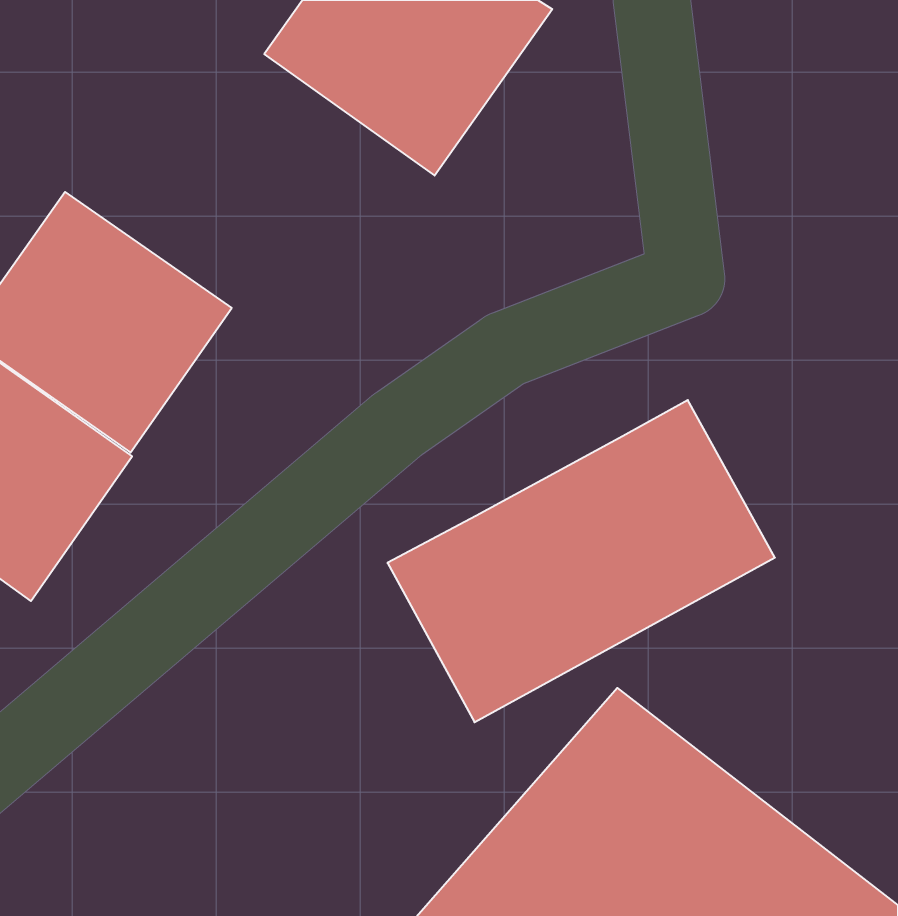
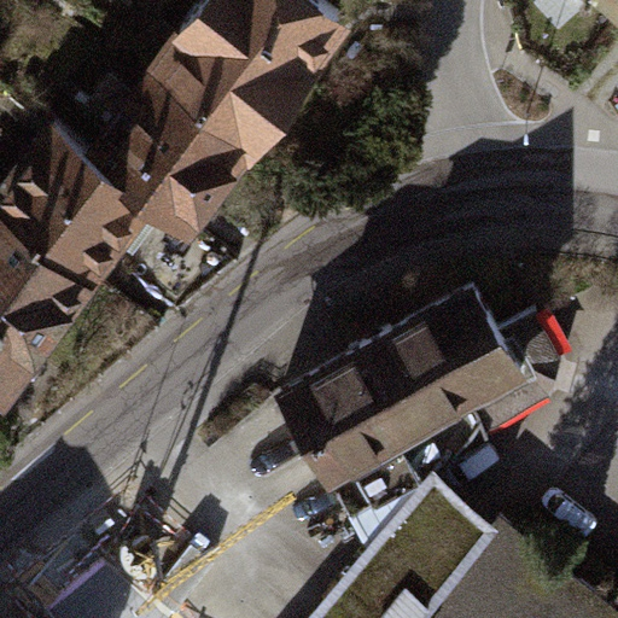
building: none -> [97,47,288,238]

